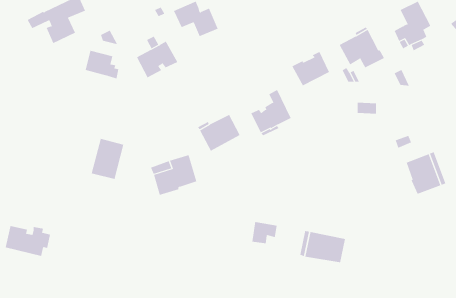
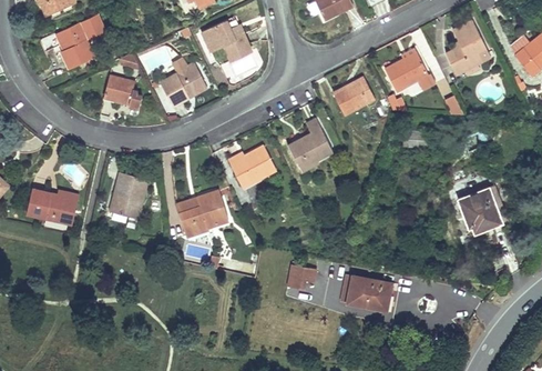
building: [5,225,51,257] -> [27,189,78,223]

